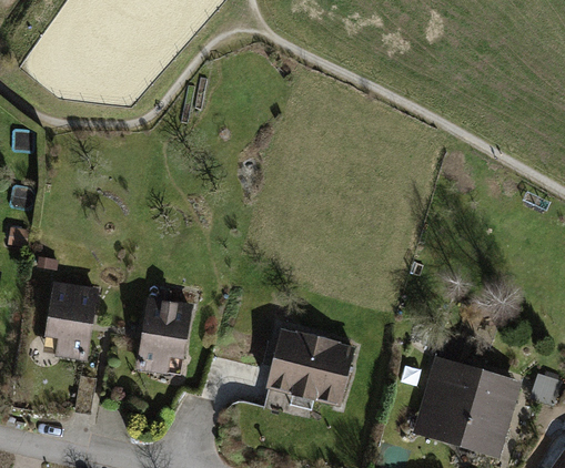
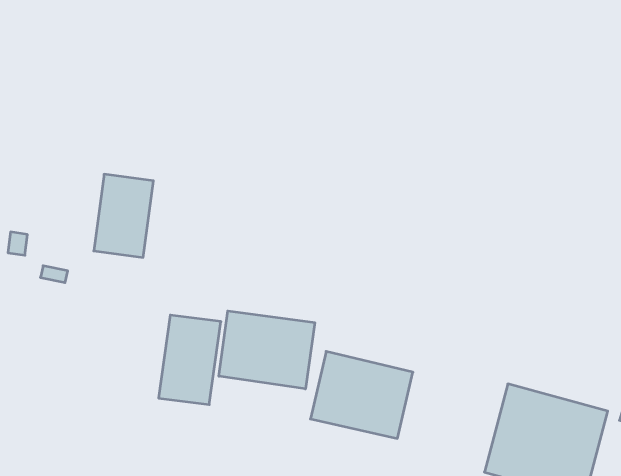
building: [44,283,95,354] -> [94,174,153,257]
building: none -> [219,311,315,389]

